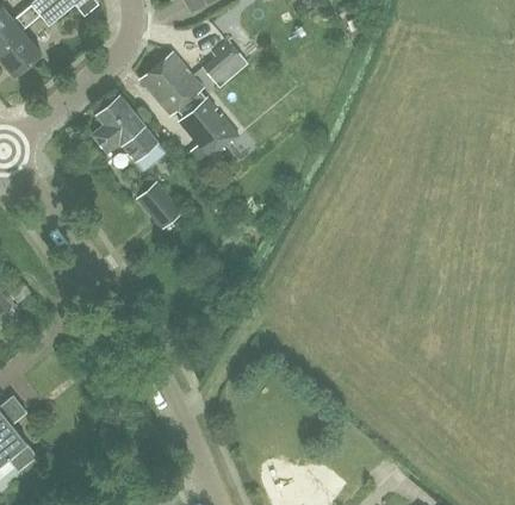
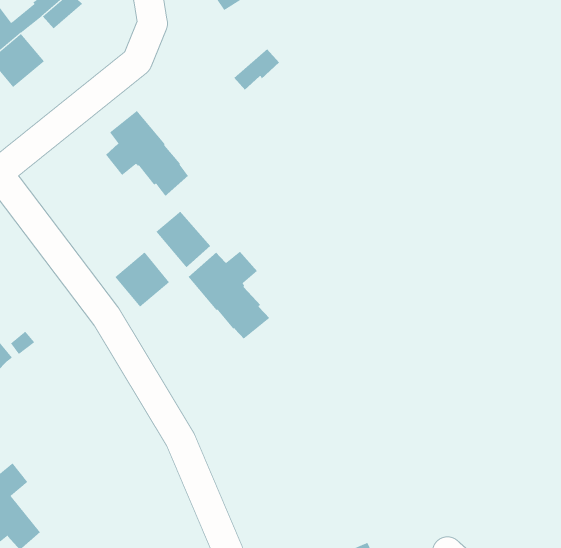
building: [139,54,240,161] -> none
building: none -> [188,251,270,339]
building: none -> [115,252,170,308]

